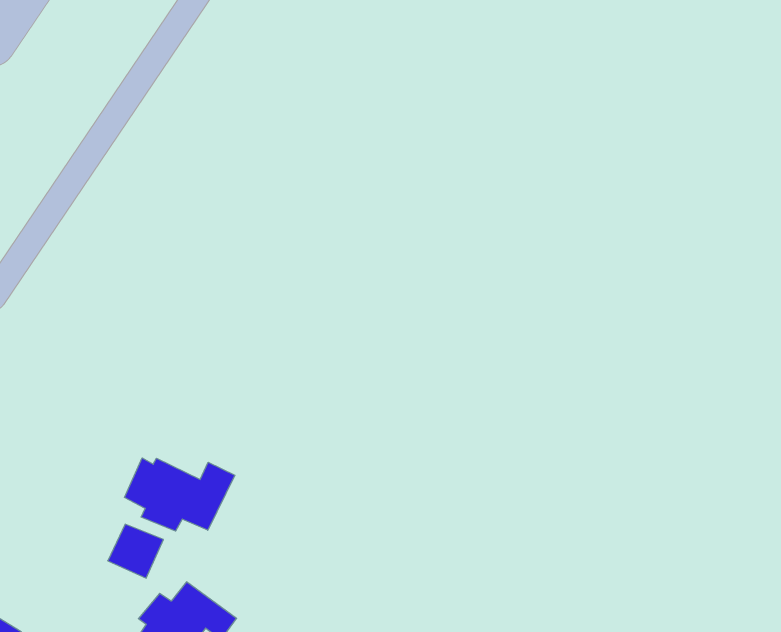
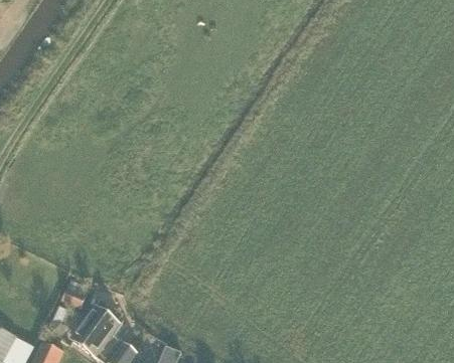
building: [124,458,235,531] -> none

